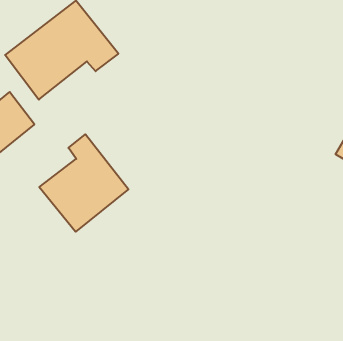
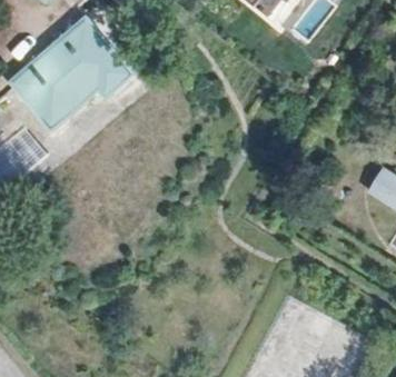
building: [39,134,128,232] -> none

